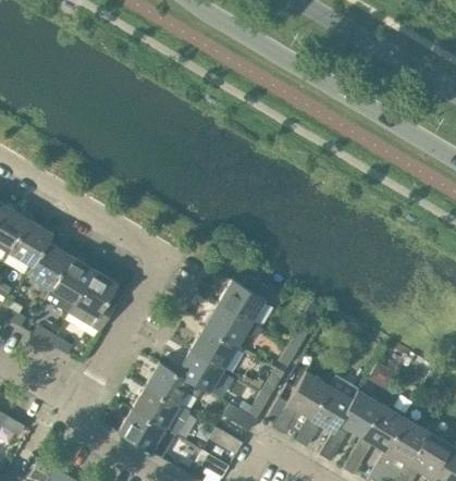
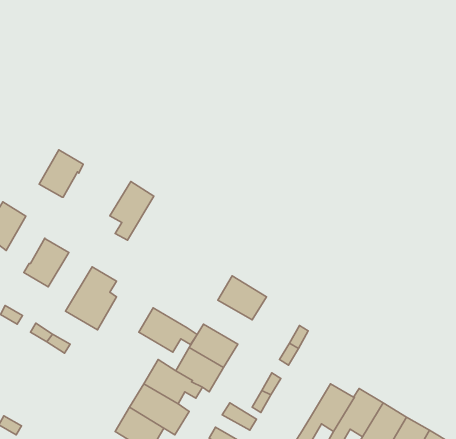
building: [10,220,53,267] -> [39,150,83,197]
building: [51,256,95,313] -> [110,182,154,240]
building: [205,303,262,346] -> [139,308,197,352]
building: [269,371,330,434] -> none

